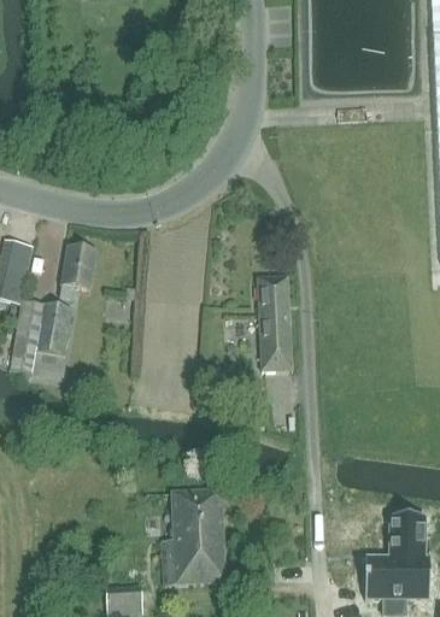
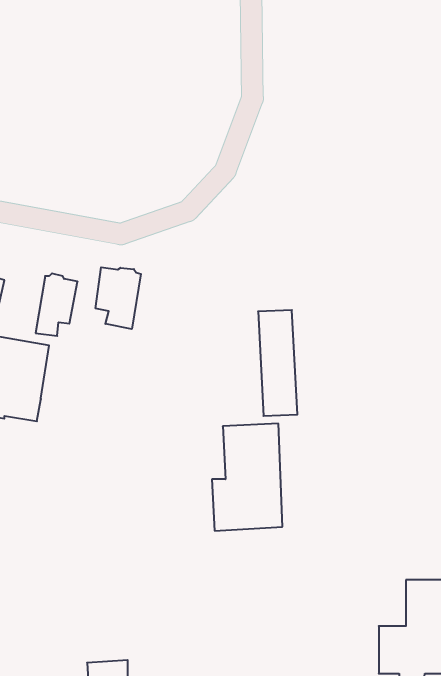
building: none -> [96,267,141,329]
building: [162,490,224,586] -> [212,424,282,531]

